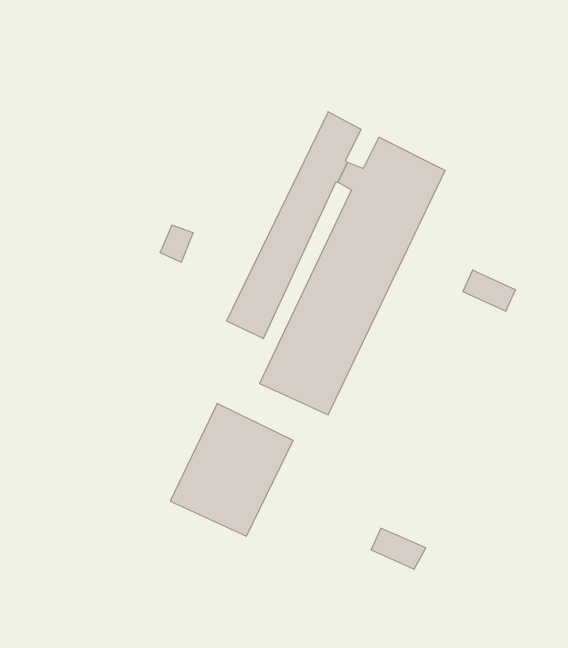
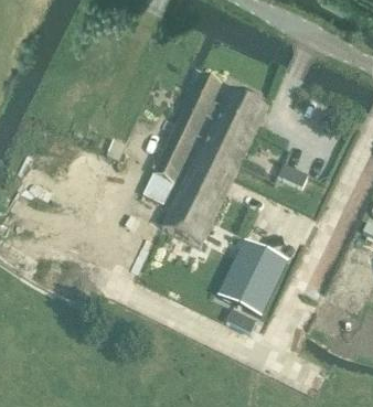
building: [170,403,293,536] -> [220,239,289,314]

